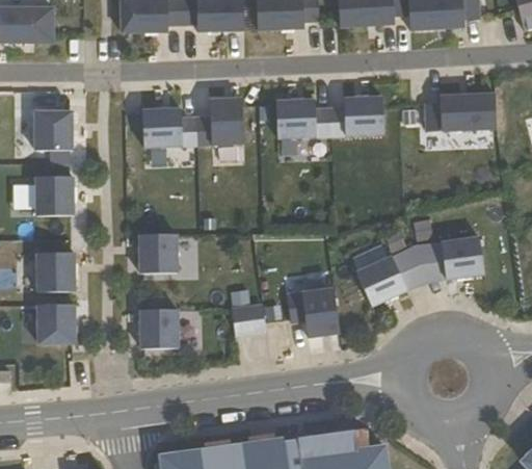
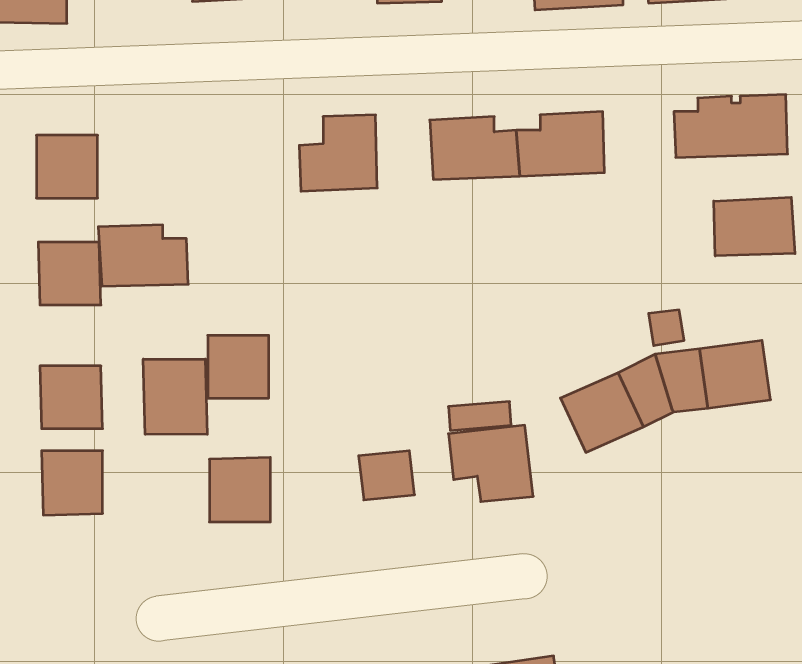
building: [141,109,196,147] -> [98,225,188,286]
building: none -> [714,197,795,256]
building: none -> [143,359,207,434]

